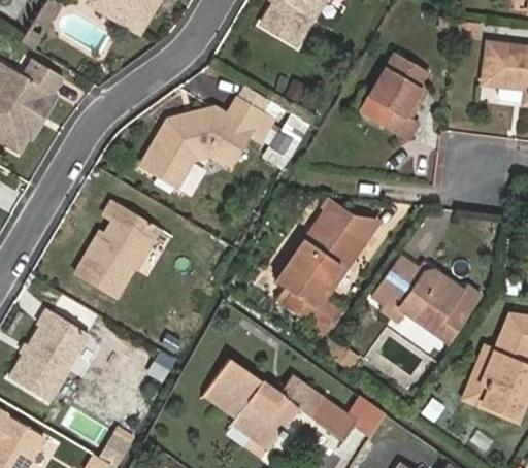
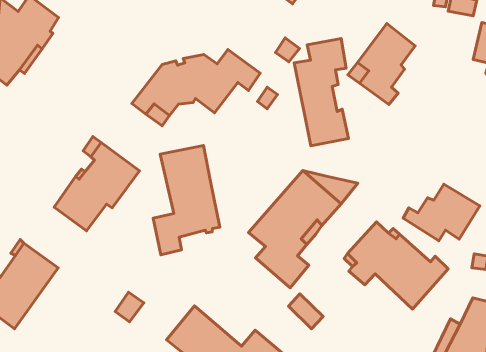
building: none -> [294,38,348,146]
building: none -> [153,145,220,255]
building: none -> [403,184,480,241]

